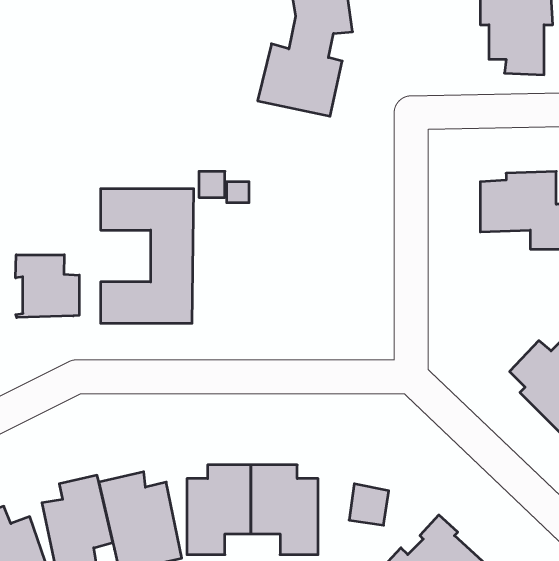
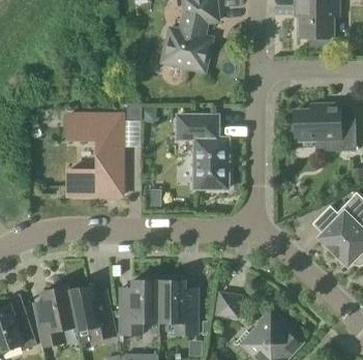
building: none -> [178,115,228,188]
building: [16,255,79,318] -> none

